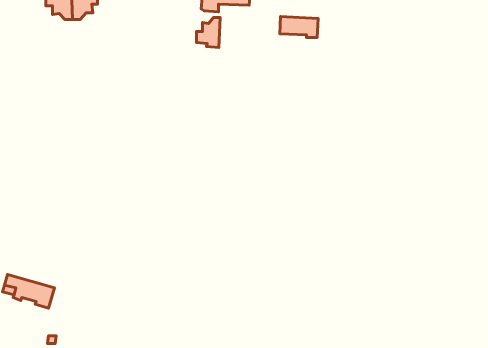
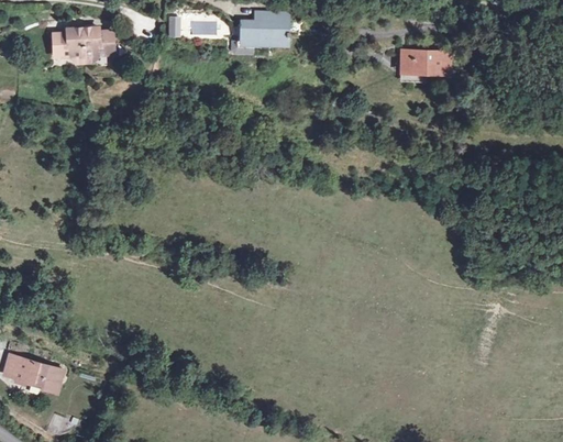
building: [280,16,318,38] -> [405,49,449,74]
building: [196,17,220,48] -> none

